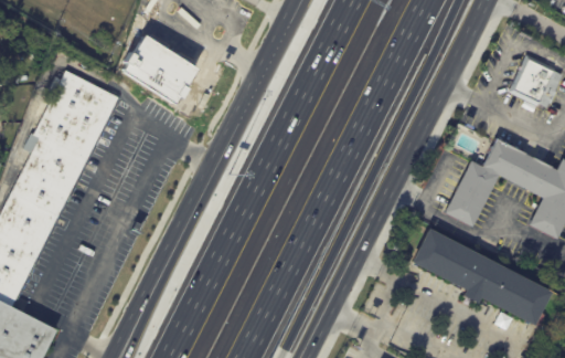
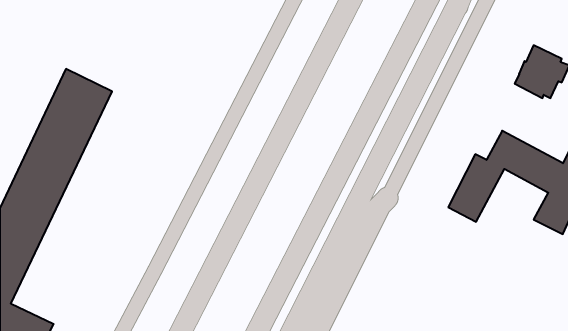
building: [127,33,202,104] -> none
building: [409,228,548,325] -> none

